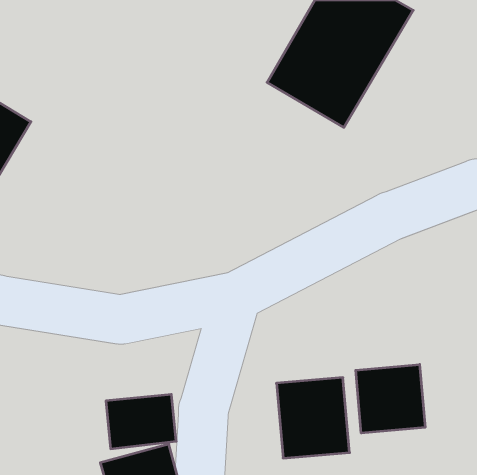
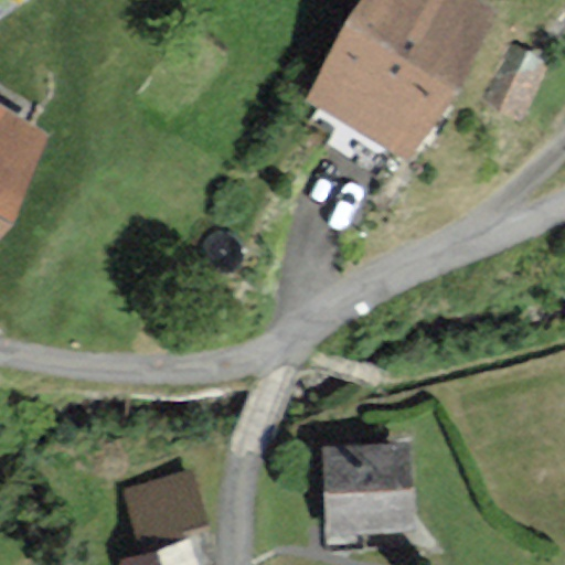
building: [356,364,425,433] -> none

